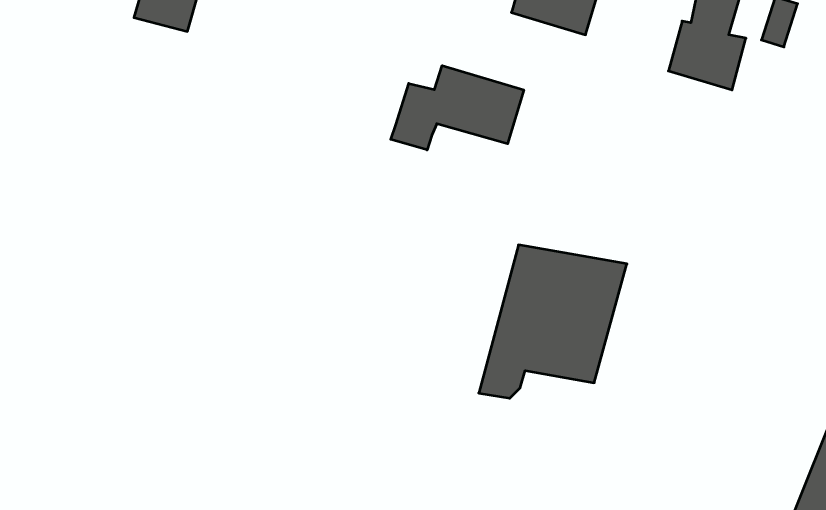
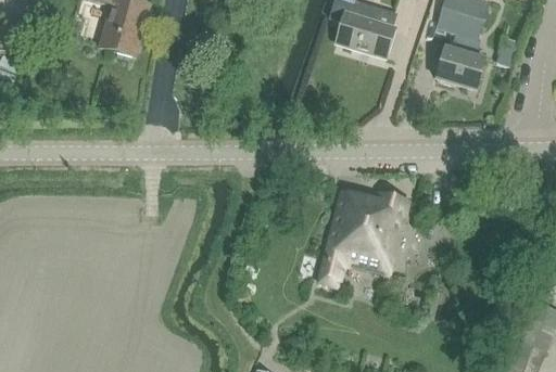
building: [391,66,524,150] -> none

